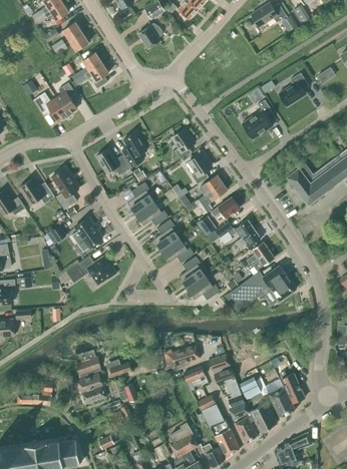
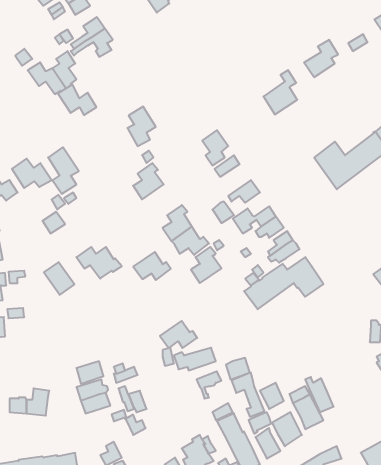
building: [170,128,195,159] -> none
building: [95,148,129,175] -> [58,85,96,115]
building: [194,183,226,214] -> none
building: [134,201,167,226] -> [133,252,171,280]
building: [74,218,101,248] -> [44,262,74,295]
building: [186,276,219,300] -> [160,321,197,348]

